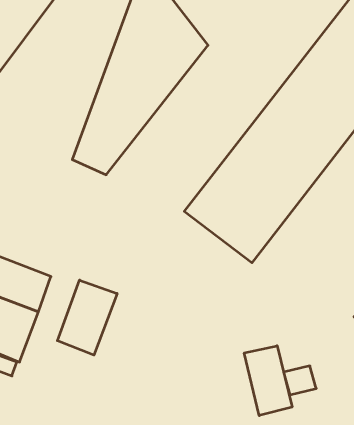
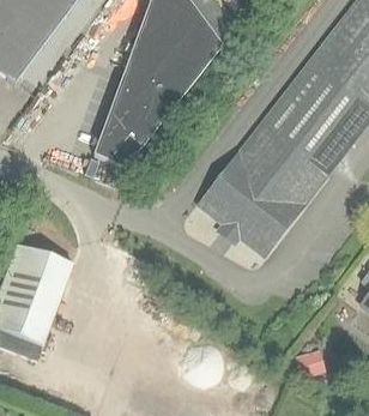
building: [57,280,117,355] -> none
building: [244,346,292,416] -> none

